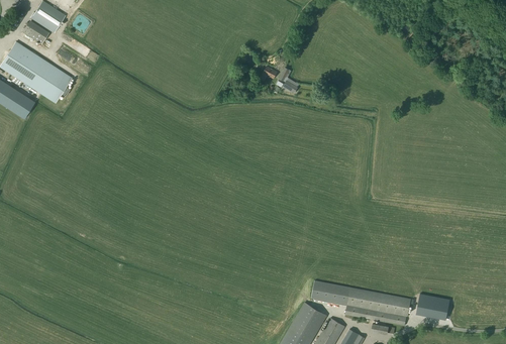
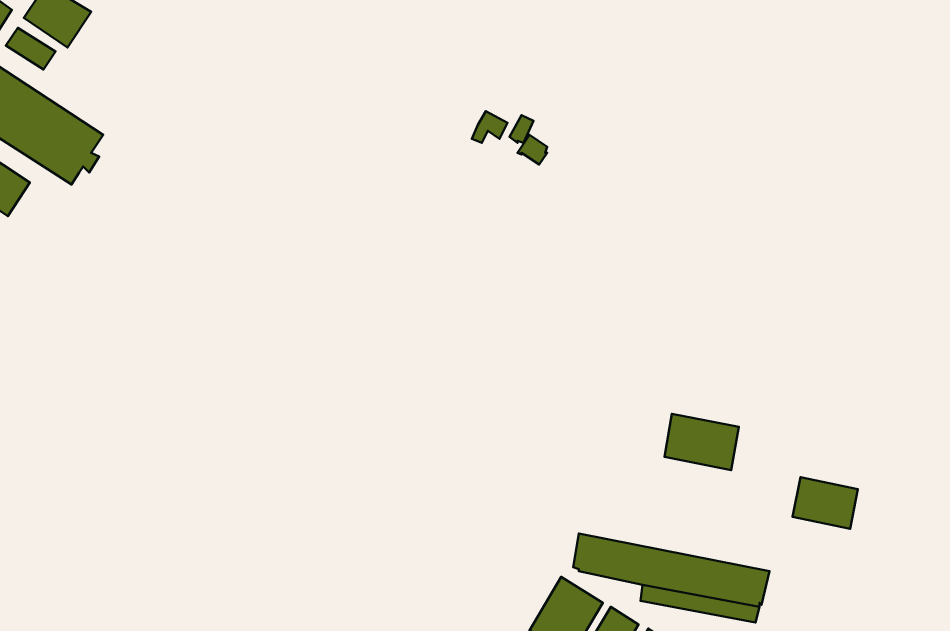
building: none -> [664,414,739,470]
building: [416,294,449,320] -> [793,477,858,529]

